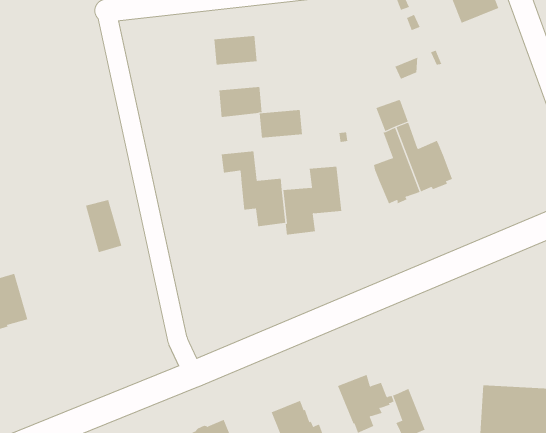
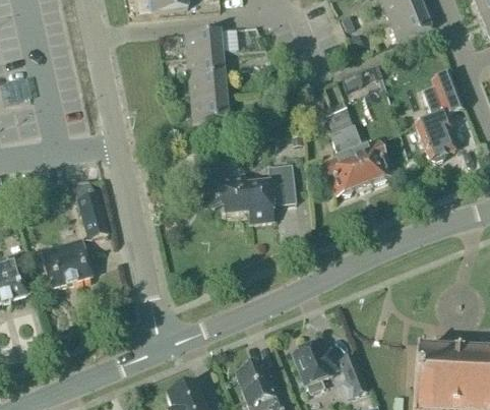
building: none -> [185,28,223,54]
building: none -> [416,72,464,161]
building: [259,110,303,138] -> [189,73,227,98]
building: none -> [41,238,94,287]

